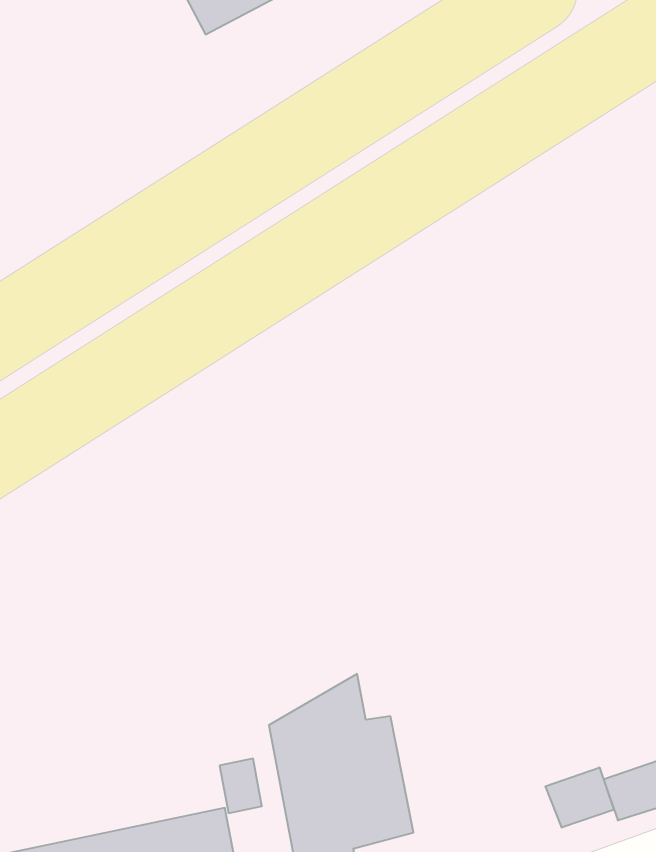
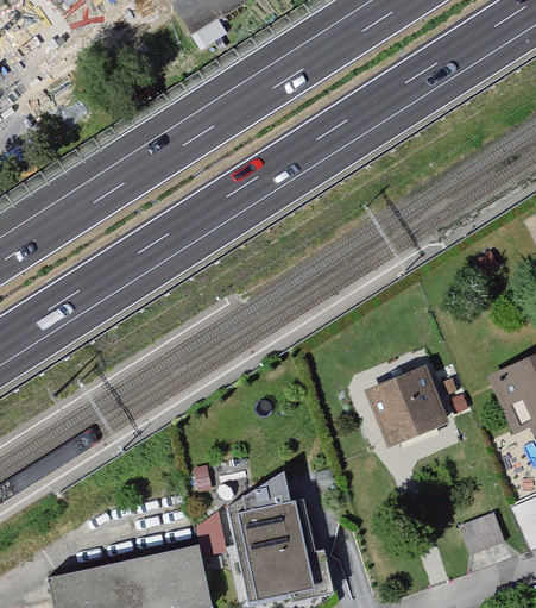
building: none -> [374,371,447,443]
building: [545,767,614,828] -> none

